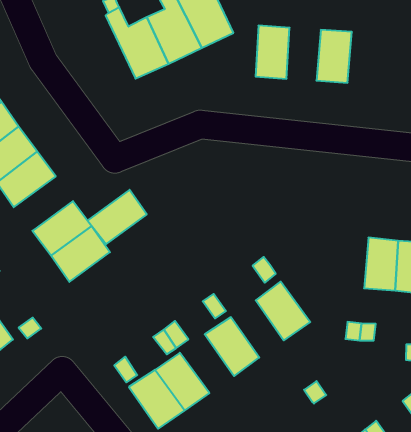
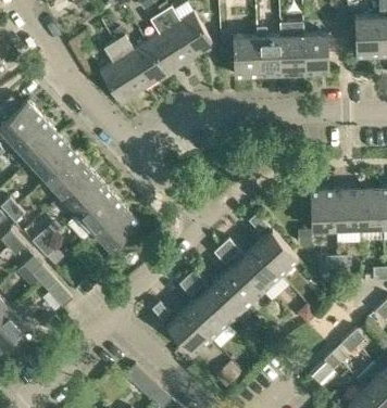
building: none -> [99,43,142,104]
building: none -> [255,28,280,76]
building: none -> [303,35,328,74]
building: [87,190,147,244] -> [61,170,105,214]
building: none -> [309,190,335,230]
building: none -> [236,247,278,291]
building: none -> [200,278,244,322]

